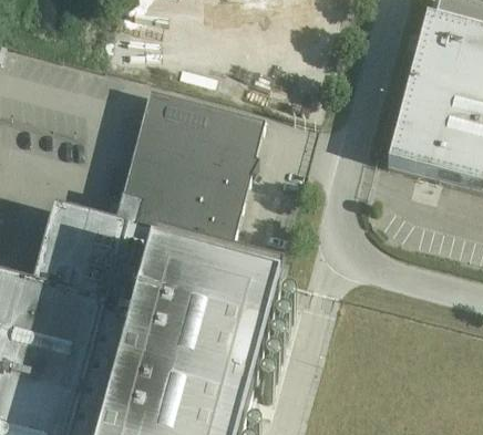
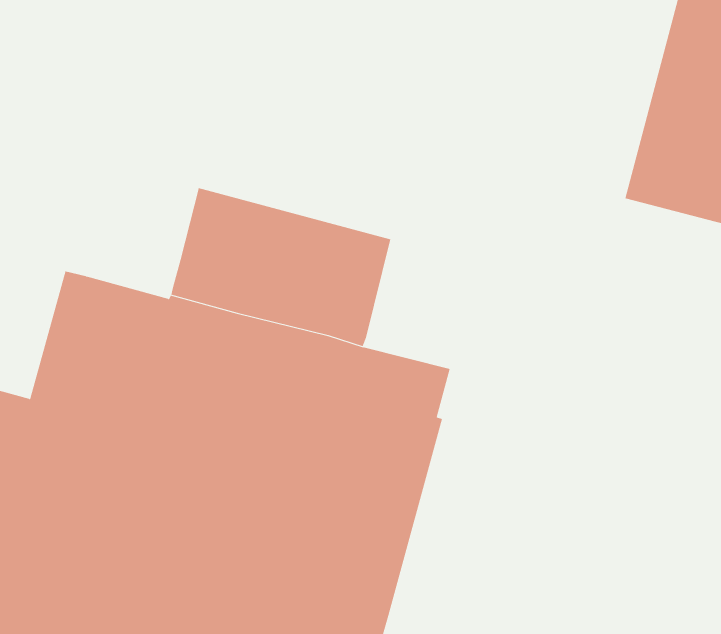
building: [133,91,265,186] -> none

